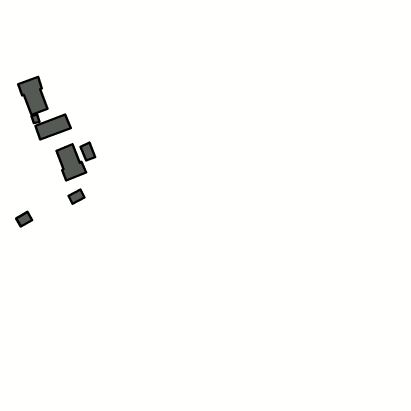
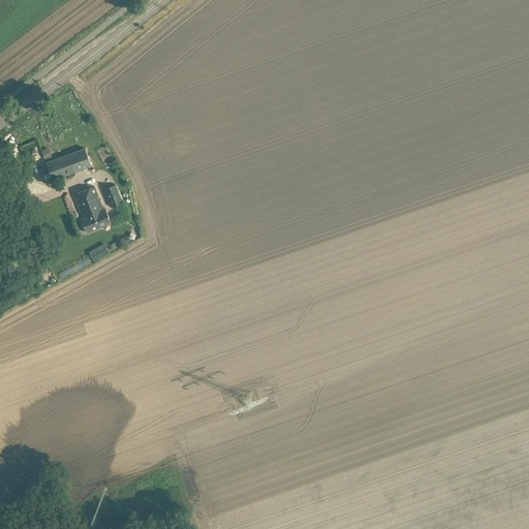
building: [18,77,47,115] -> none

